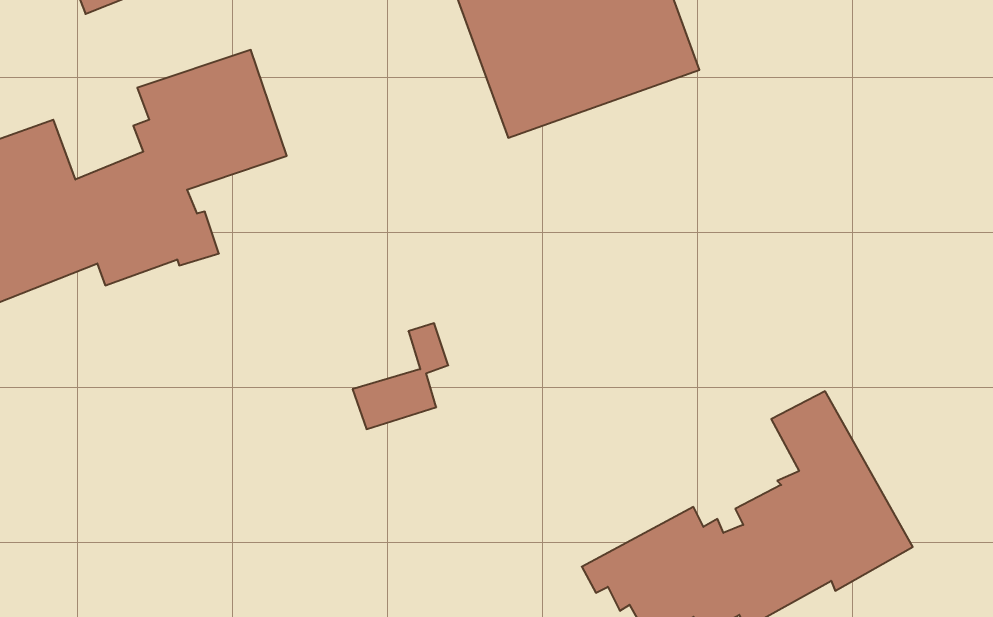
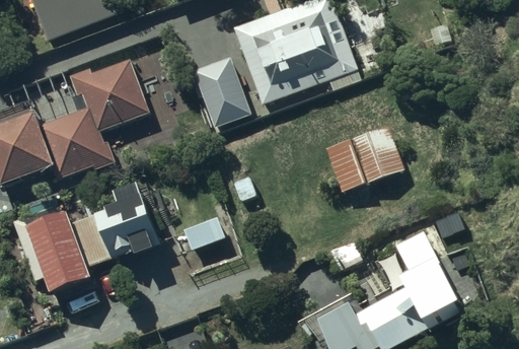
building: none -> [192,57,251,129]
building: none -> [331,143,404,193]
building: none -> [11,184,160,294]

